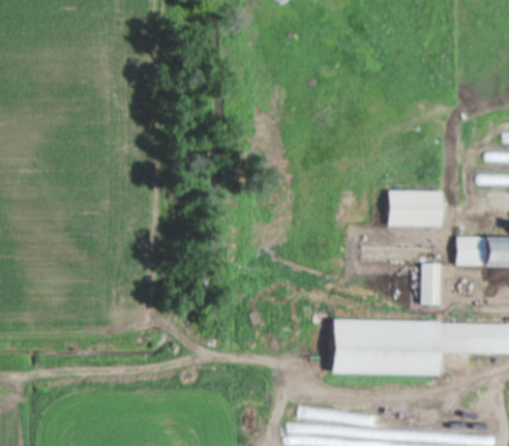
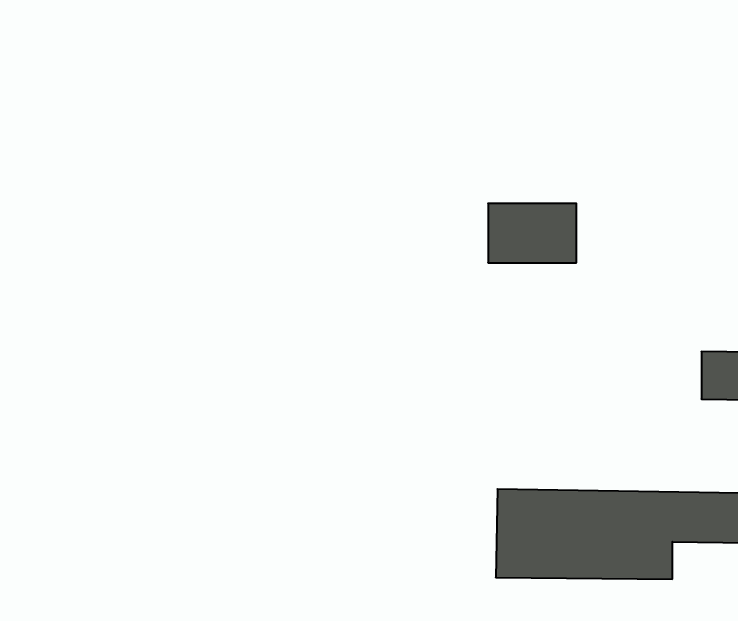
building: [388,190,442,227] -> [488,203,576,263]
building: [423,265,441,304] -> none

